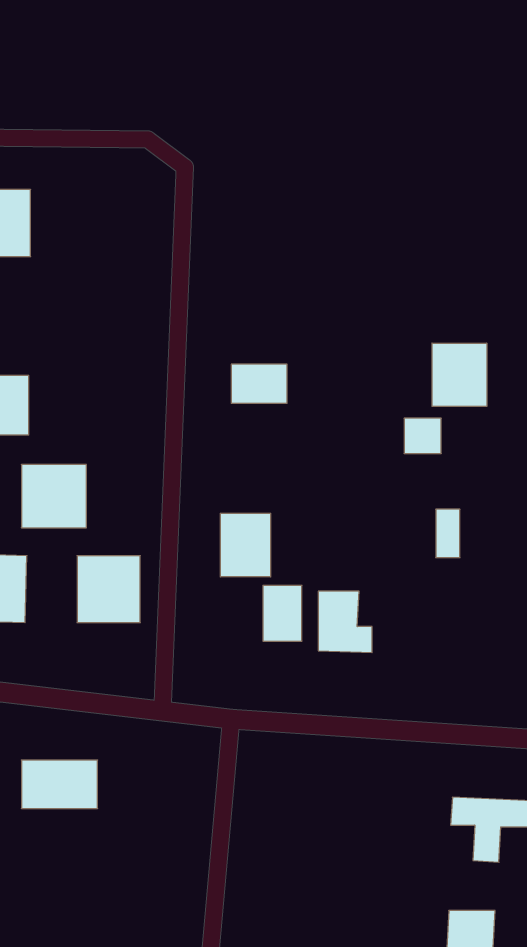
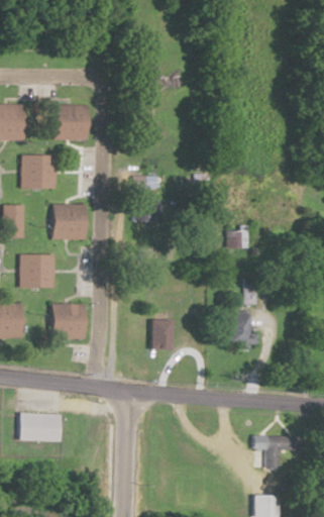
building: none -> [53,104,87,140]
building: none -> [21,154,53,188]
building: [432,343,487,406] -> none
building: none -> [52,203,86,239]
building: [220,513,271,577] -> none
building: [318,591,372,653] -> [228,314,257,347]

